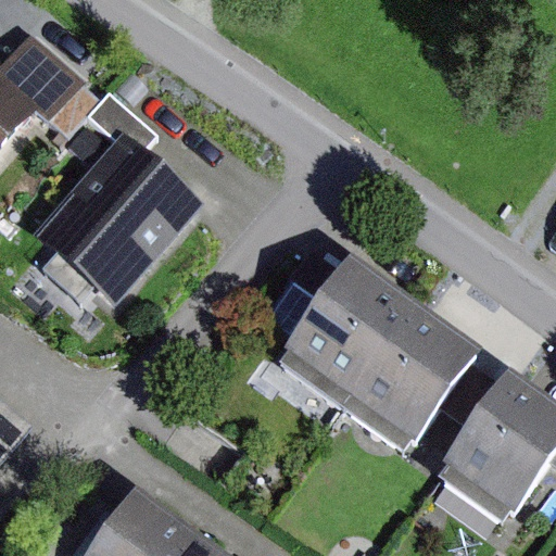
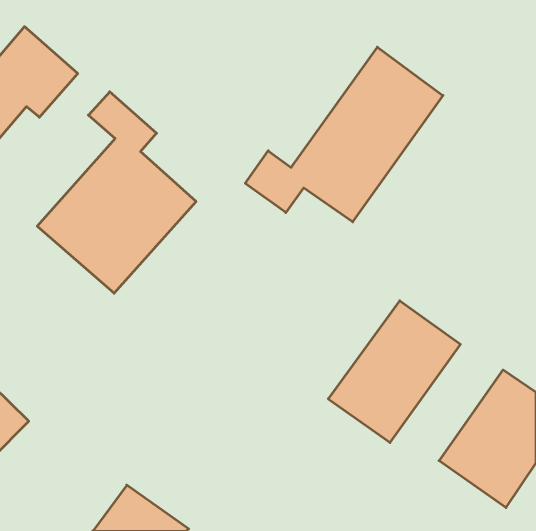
building: none -> [245,47,443,222]
building: [273,262,407,406] -> none

